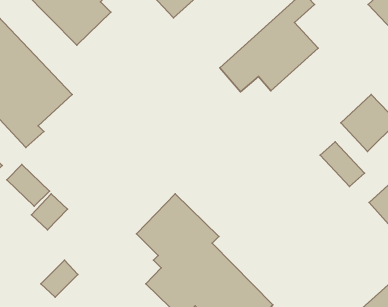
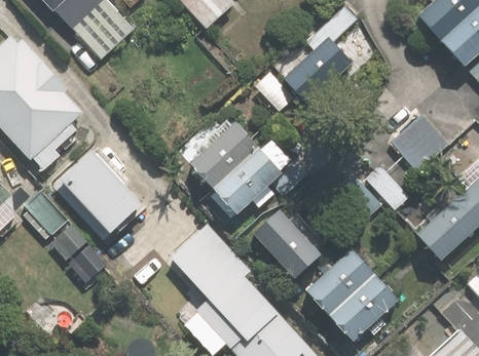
building: none -> [187,115,297,215]
building: none -> [65,152,150,233]
building: none -> [255,205,326,277]
building: none -> [306,244,402,340]

